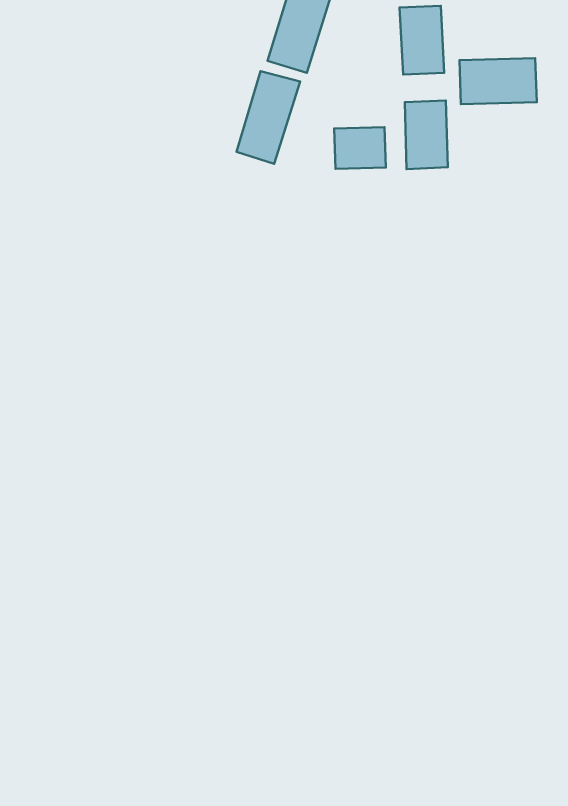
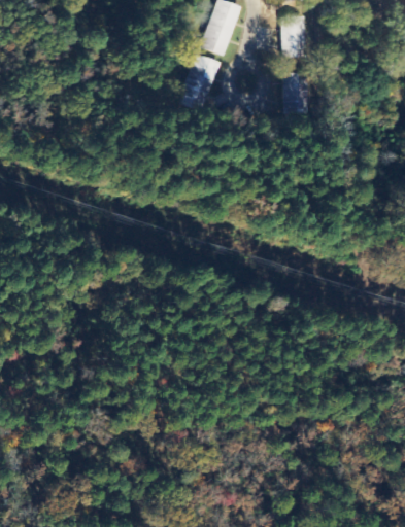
building: [459,58,537,104] -> none
building: [334,127,386,169] -> none

